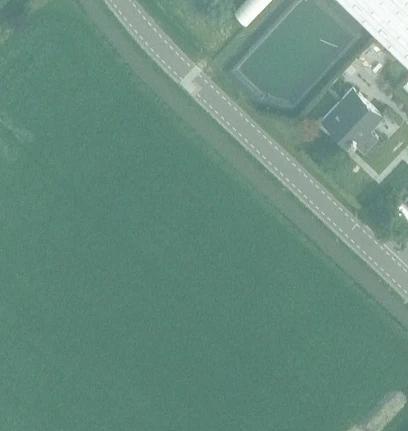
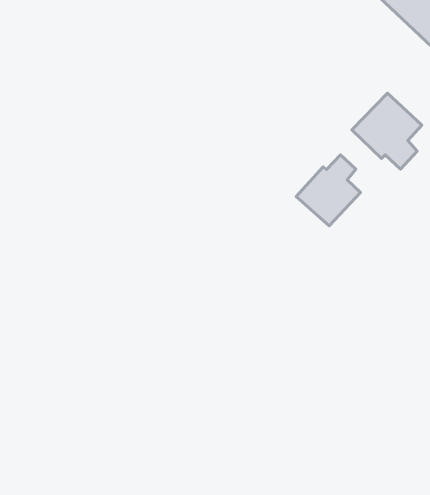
building: none -> [296,155,360,226]

